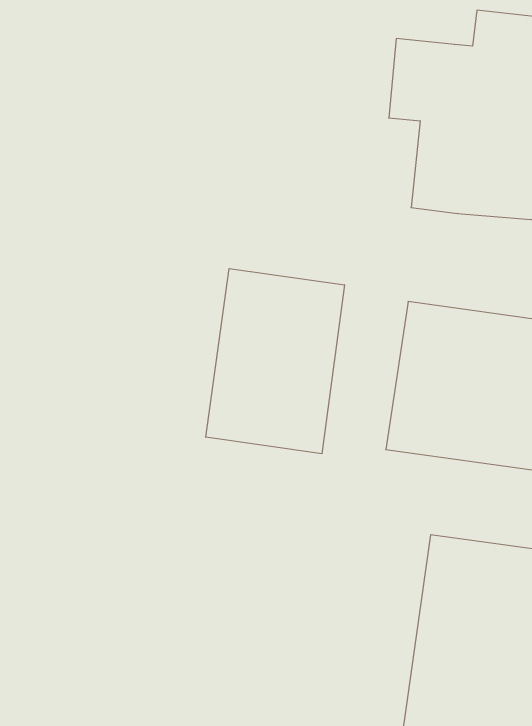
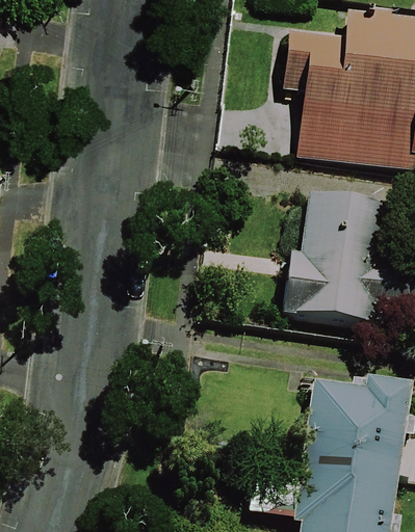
building: [206,269,344,454] -> none

